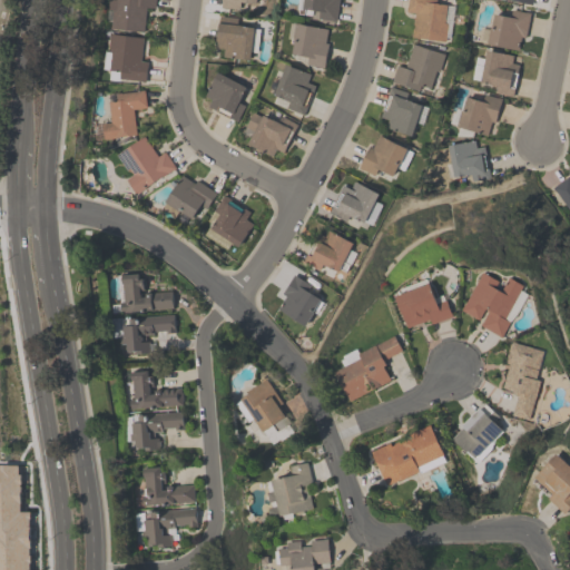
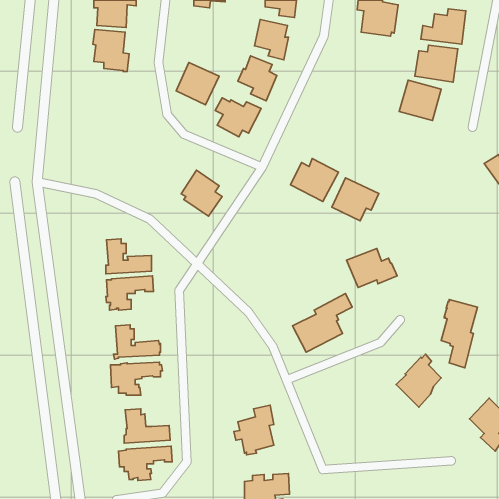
building: [214,16,254,60] -> none
building: [393,46,446,95] -> none
building: [381,89,426,138] -> none
building: [102,90,147,139] -> none
building: [361,134,414,183] -> [332,178,379,221]
building: [117,137,176,195] -> none
building: [450,145,488,178] -> none
building: [165,176,217,220] -> none
building: [307,228,358,278] -> none
building: [462,273,525,338] -> none
building: [276,276,324,328] -> none
building: [236,379,294,444] -> none
building: [372,425,445,485] -> none

